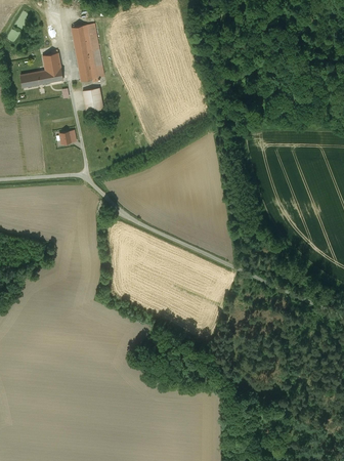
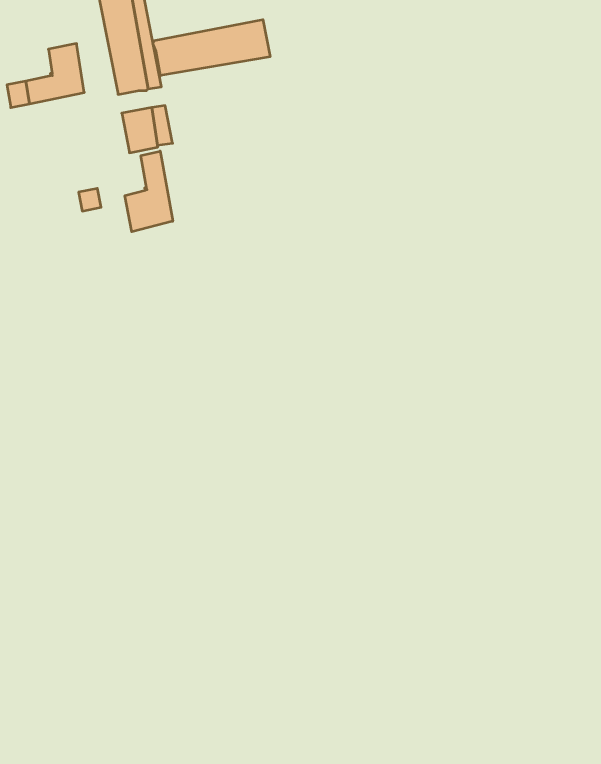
building: none -> [153,20,270,76]
building: none -> [125,151,173,232]

